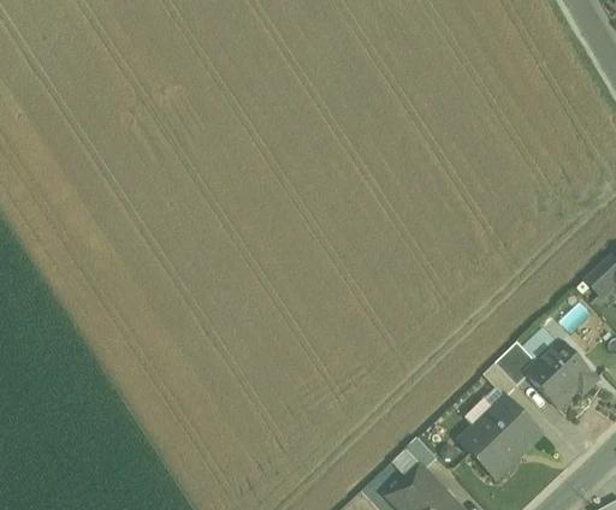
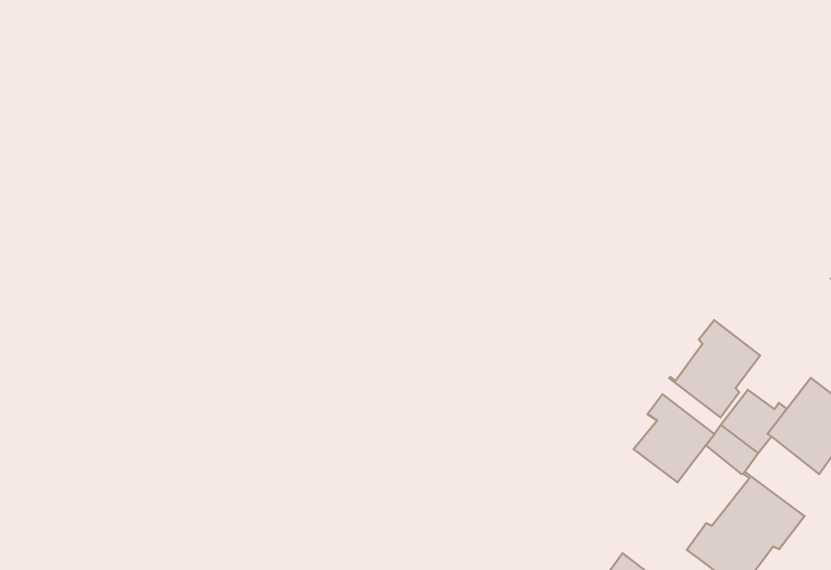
building: none -> [669,320,760,418]
building: none -> [634,394,714,483]

